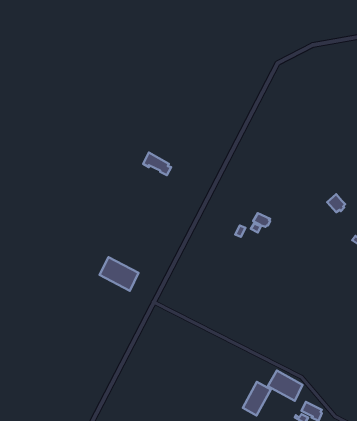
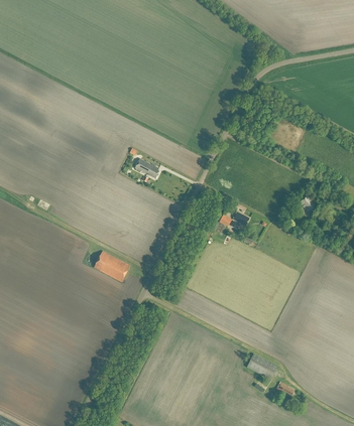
building: [243,382,271,415] -> none

